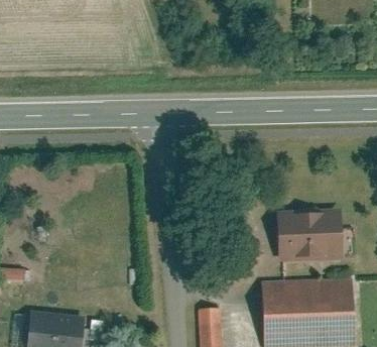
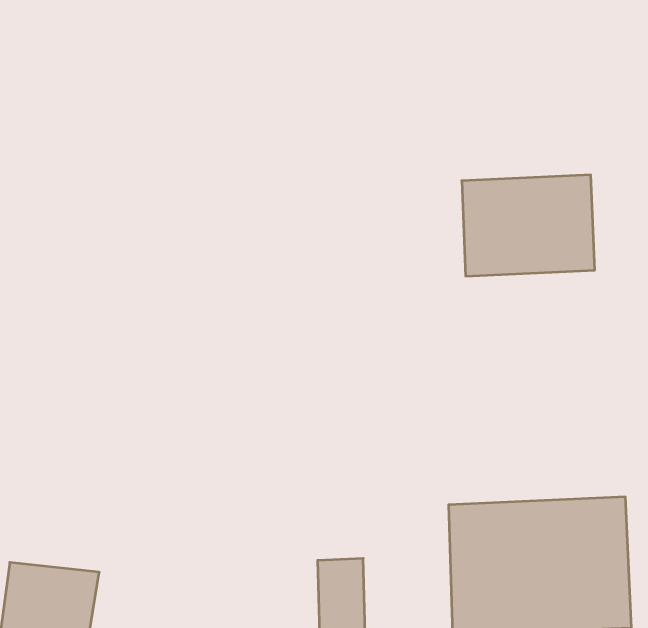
building: [275,210,343,261] -> [462,175,595,276]

